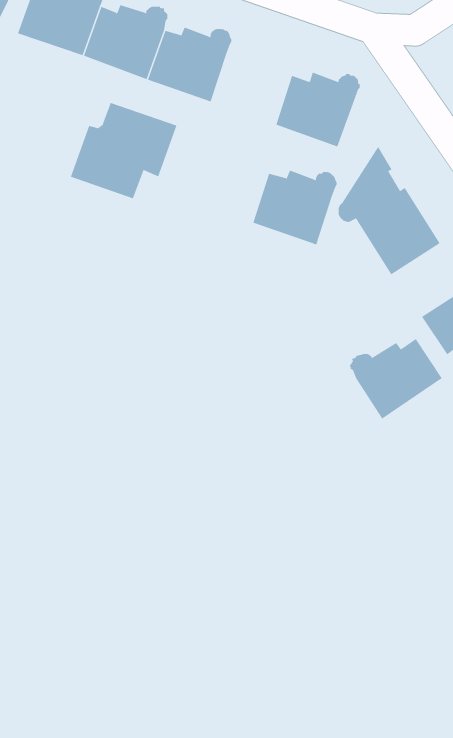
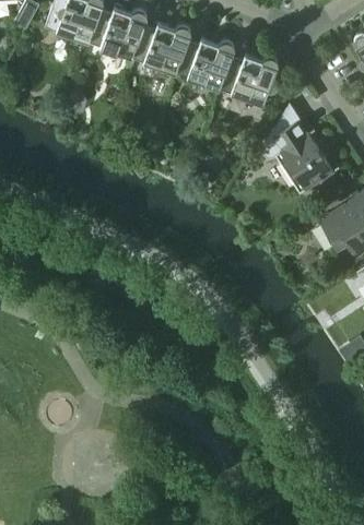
building: [70,102,177,199] -> none
building: [253,170,338,245] -> [177,39,235,91]
building: [350,338,443,419] -> none

